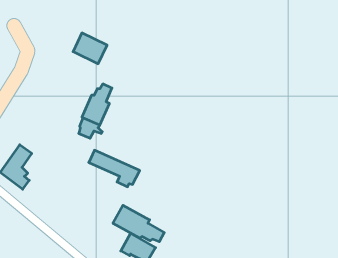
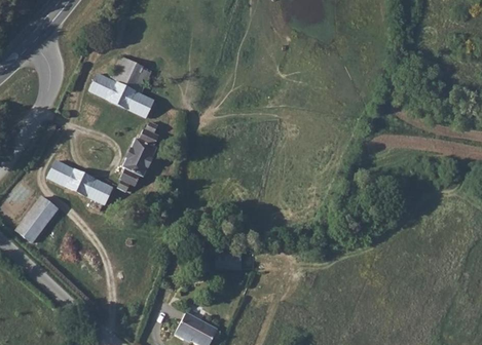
building: none -> [88,74,155,115]
building: [89,150,140,187] -> [50,160,115,206]
building: [113,205,164,242] -> none

